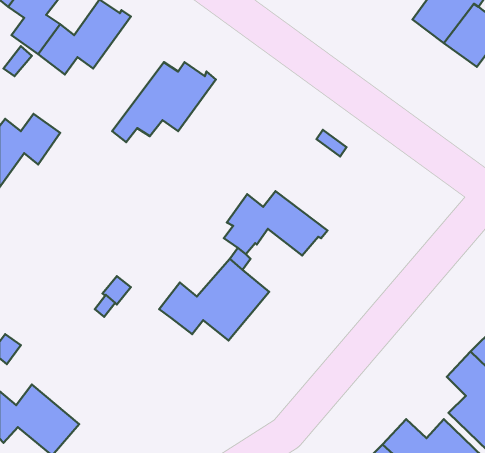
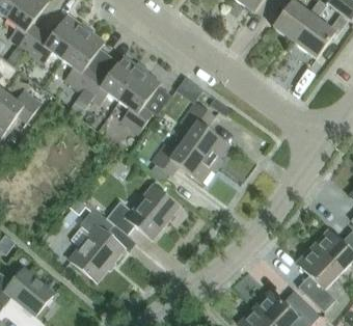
building: none -> [62,25,109,101]
building: none -> [118,66,160,133]
building: none -> [180,101,228,166]
building: none -> [70,208,124,281]

